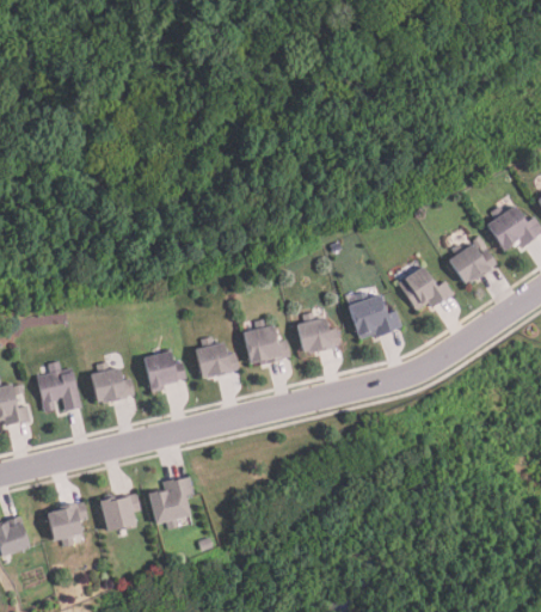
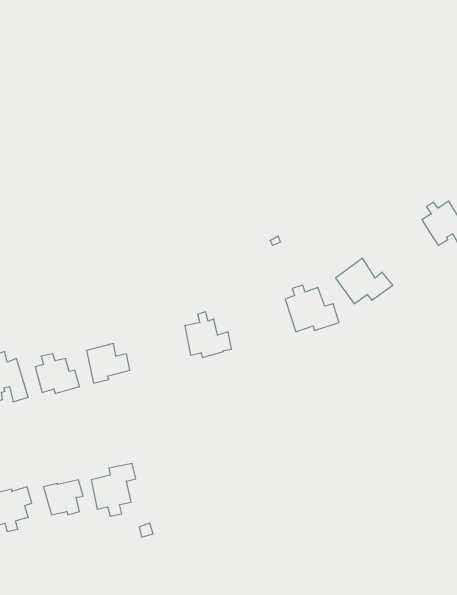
building: [448,245,496,283] -> none
building: [296,312,342,354] -> none
building: [193,338,239,378] -> none

